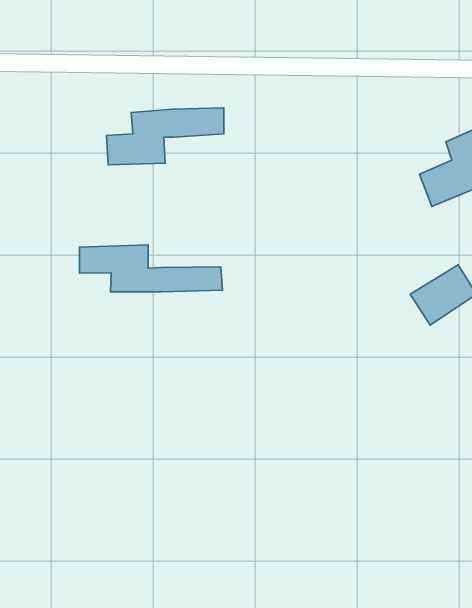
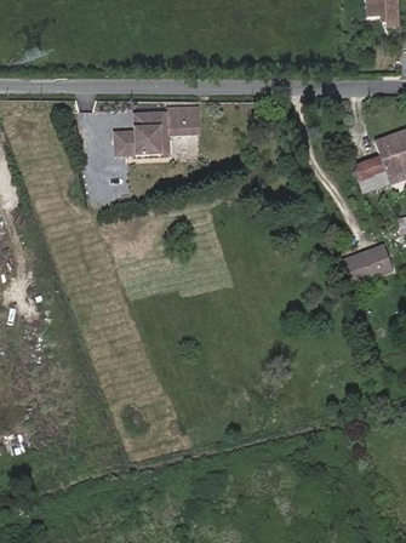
building: [79,245,222,292] -> none

